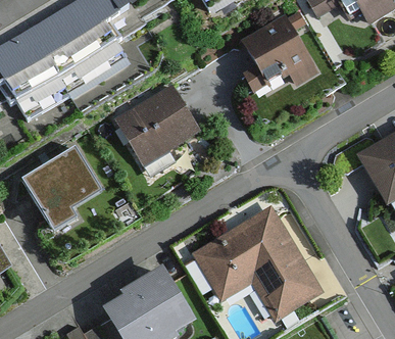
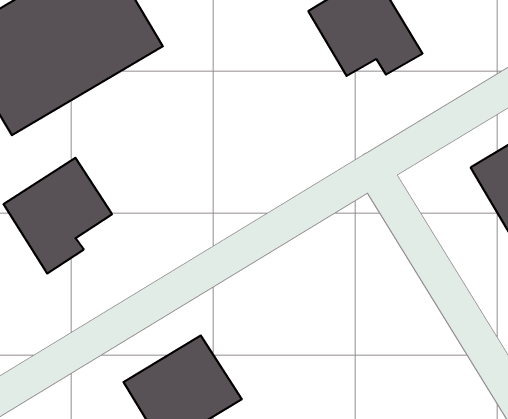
building: [116,81,203,162] -> none
building: [191,202,324,319] -> none

